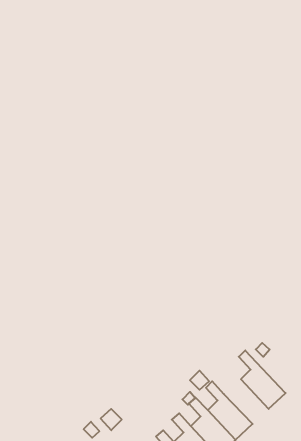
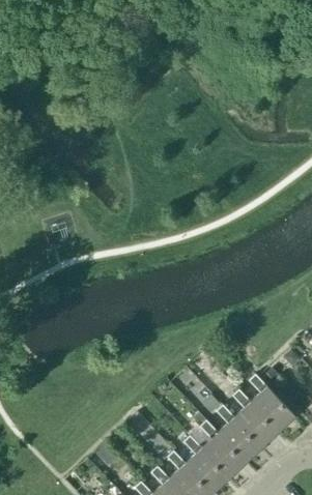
building: none -> [233,388,279,445]

